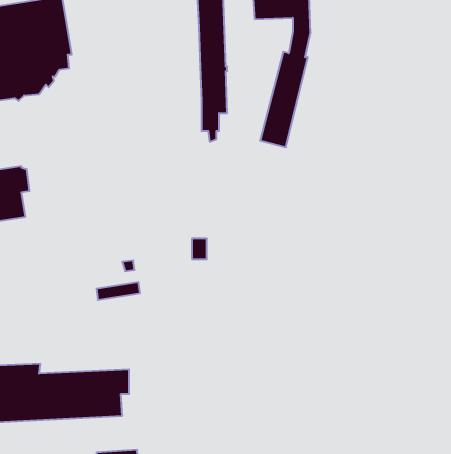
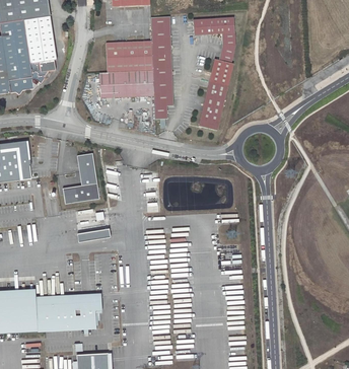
building: none -> [99,39,154,96]
building: none -> [63,153,99,204]

